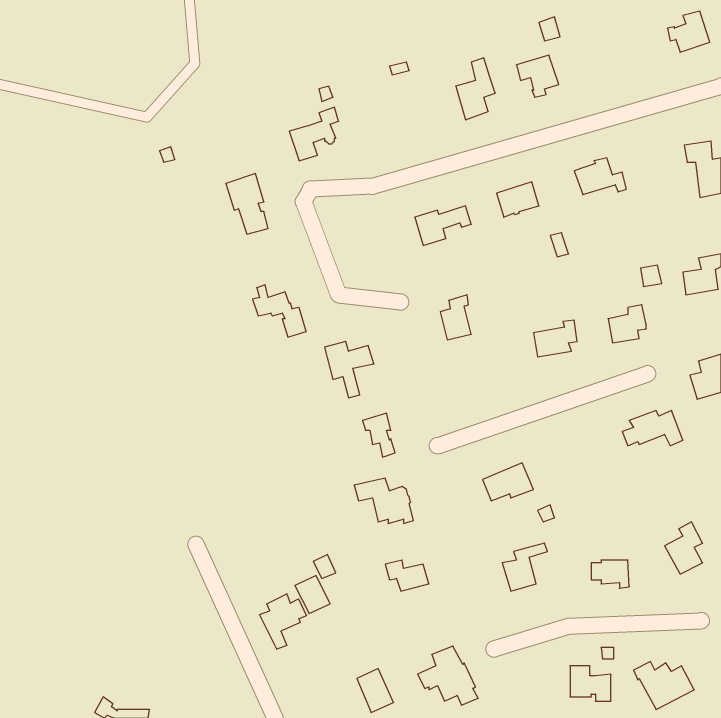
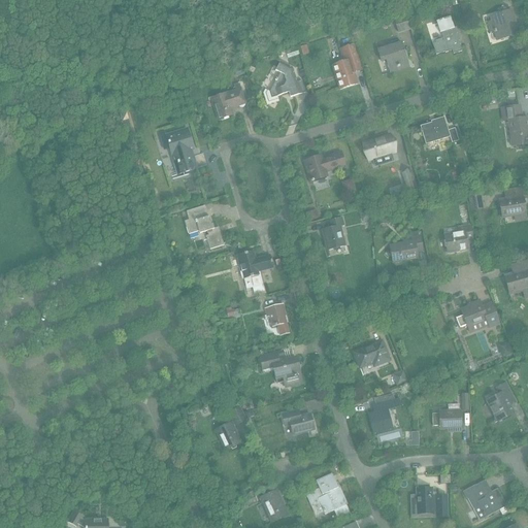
building: none -> [432,14,461,53]
building: none -> [263,60,305,102]
building: [260,594,306,649] -> none

